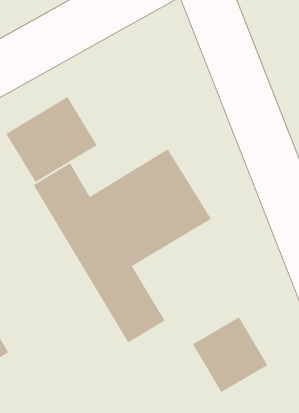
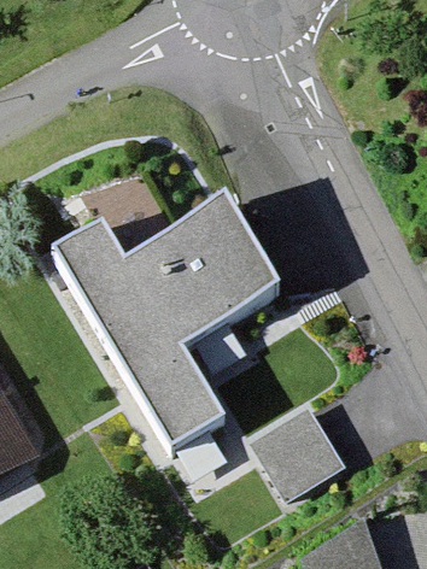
building: [5,96,98,183] -> none

